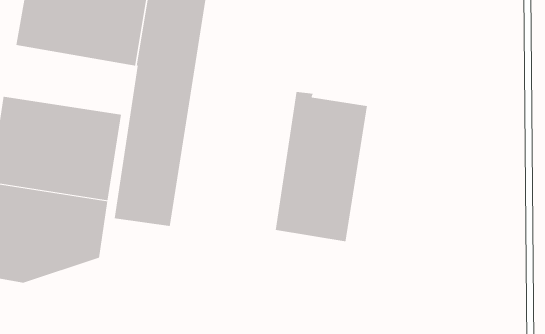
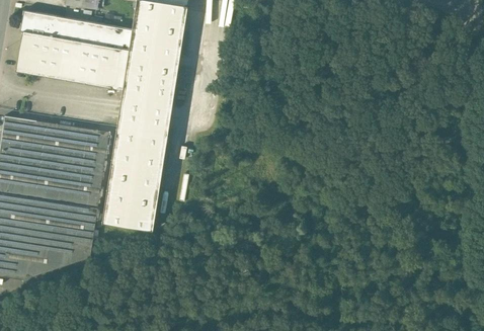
building: [275,91,367,242] -> none

